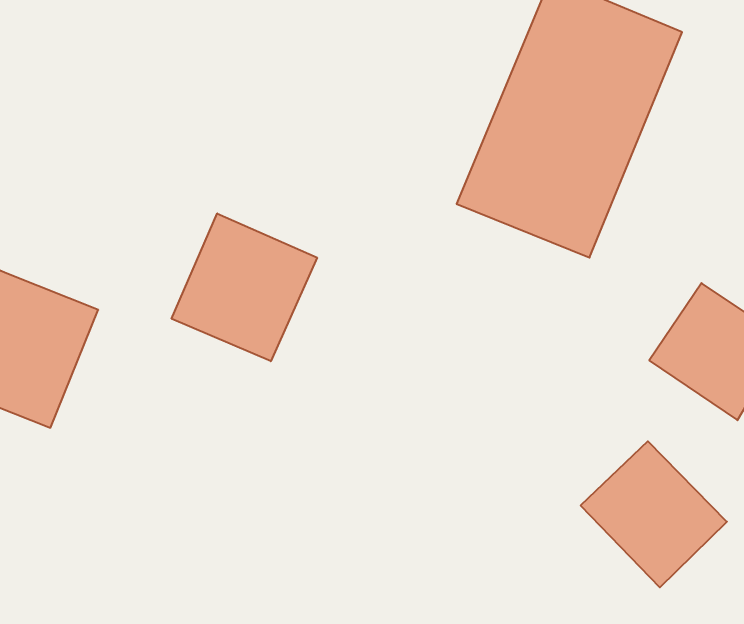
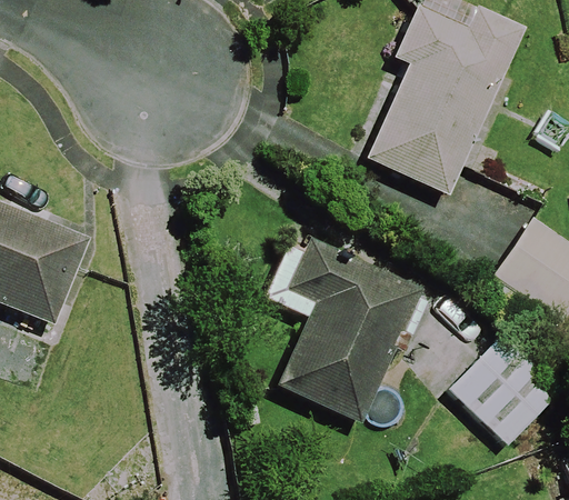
building: [172,213,317,361] -> none
building: none -> [262,226,429,429]

